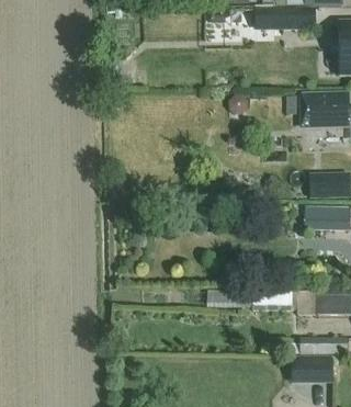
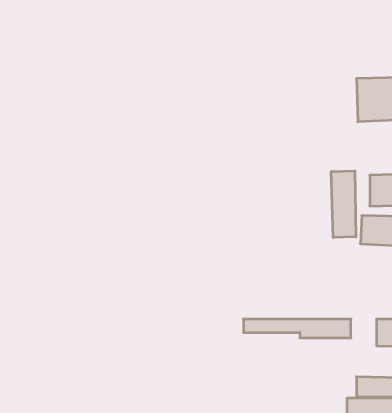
building: none -> [331,171,356,238]

